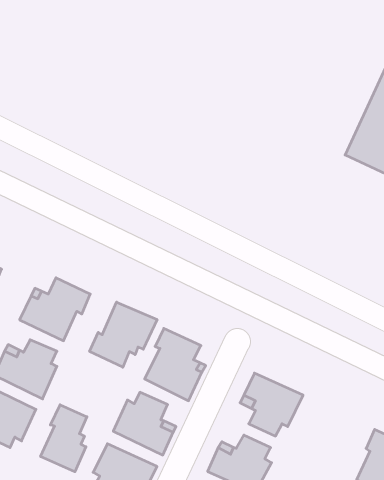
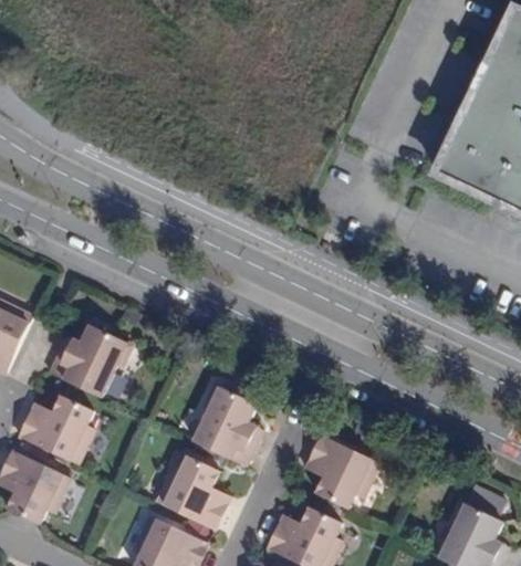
building: [90,302,157,367] -> none
building: [41,405,87,472] -> none

